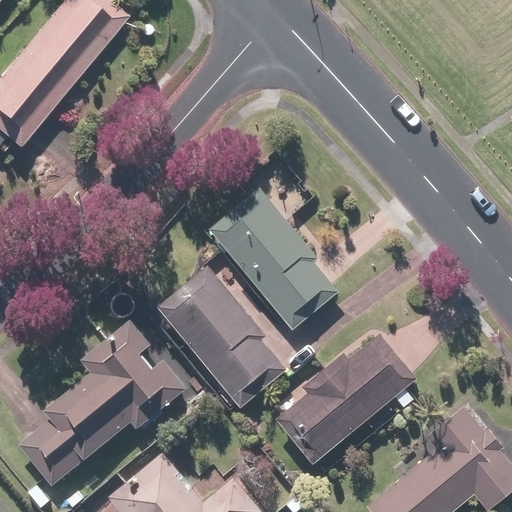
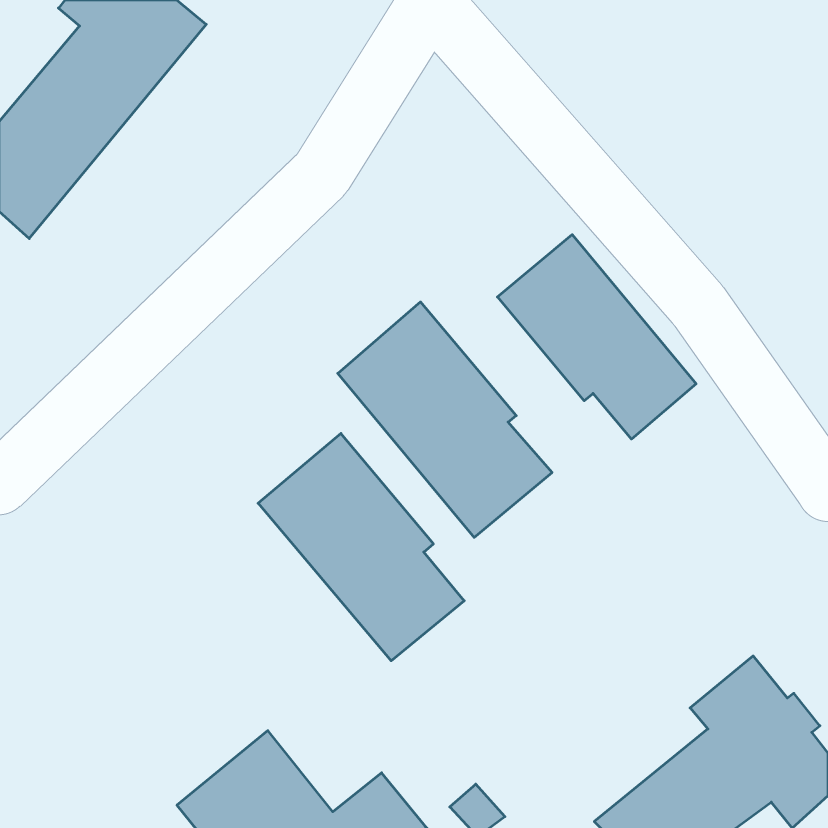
building: none -> [497,235,696,439]
building: [20,319,188,486] -> none
building: [272,332,418,462] -> none

